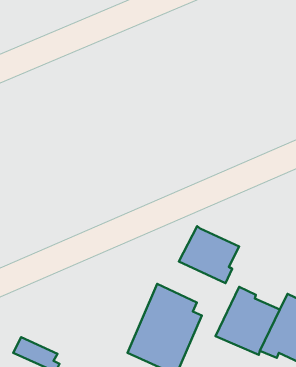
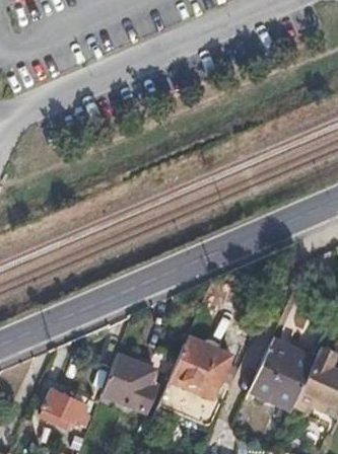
building: [179,226,239,283] -> none
building: none -> [103,354,154,407]

